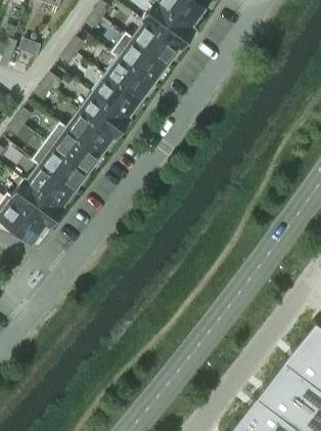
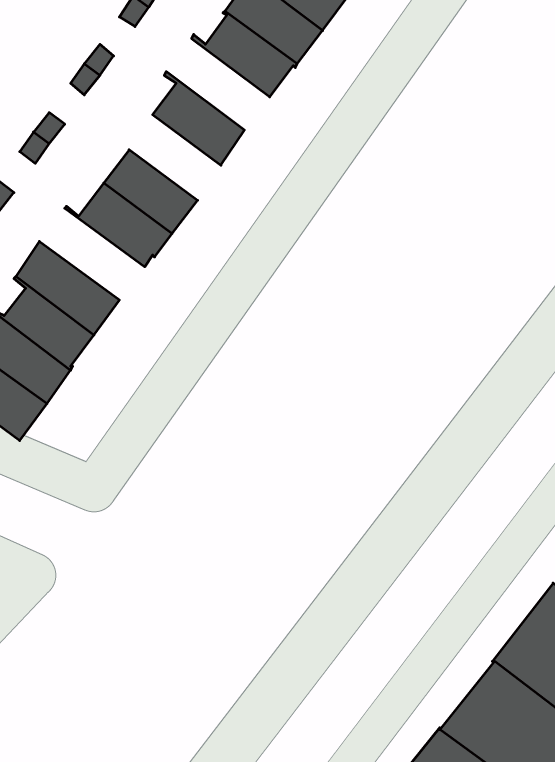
building: [111,35,166,83] -> none
building: [92,75,140,120] -> none
building: [45,124,100,172] -> none

